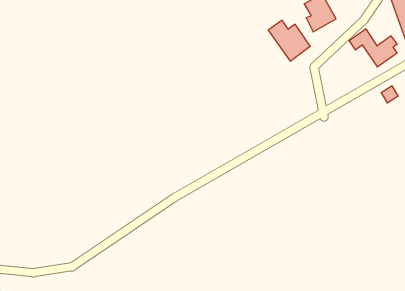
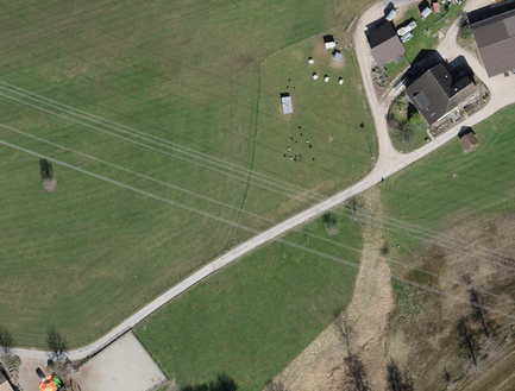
building: [268,20,310,61] -> [403,77,453,126]

